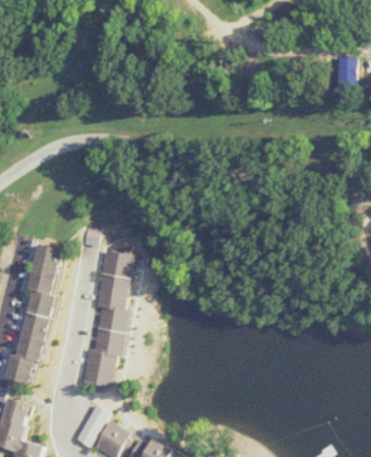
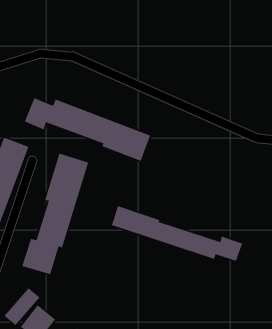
building: none -> [24,97,151,162]
building: none -> [111,205,243,262]

